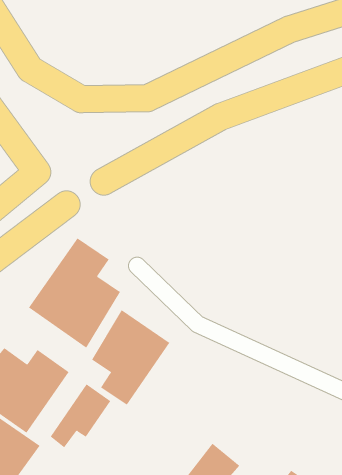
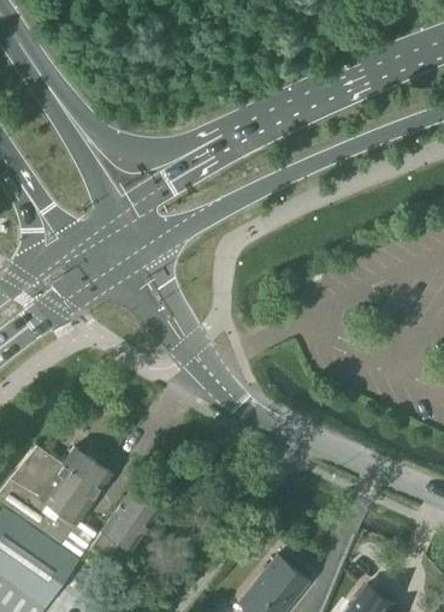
building: [28,237,121,348] -> none
building: [91,309,170,406] -> none

